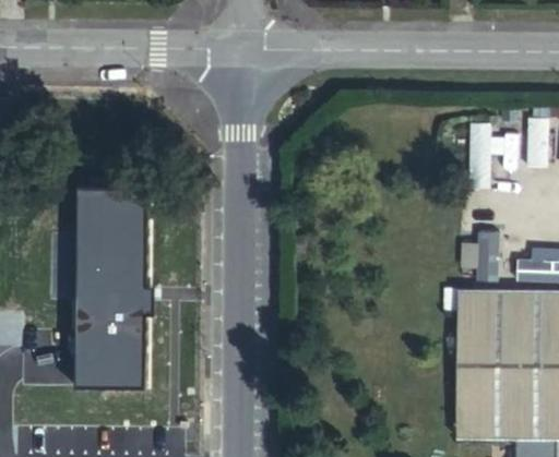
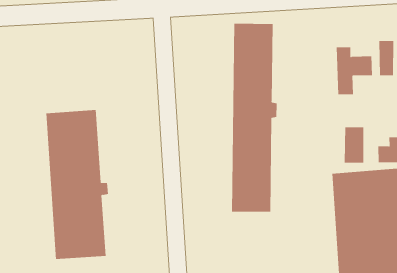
building: none -> [232,23,277,213]

